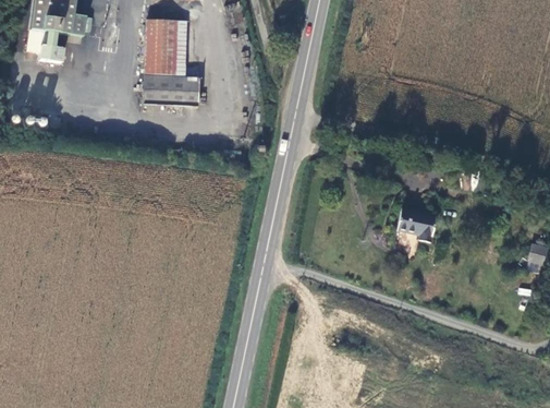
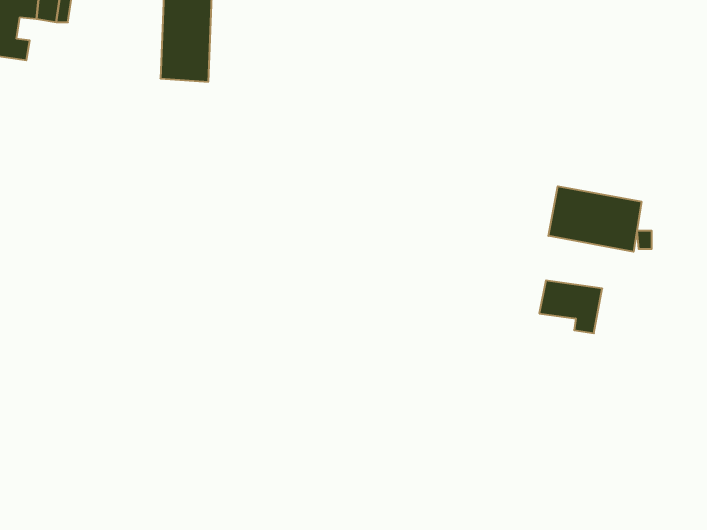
building: [147,73,204,105] -> none
building: none -> [548,186,641,252]

